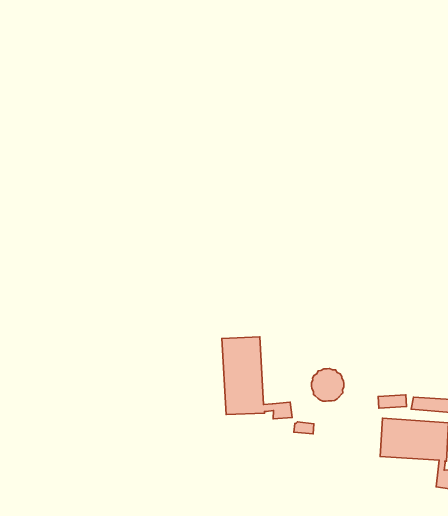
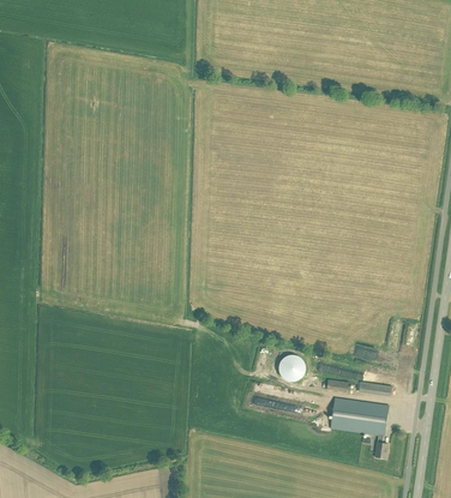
building: [222,337,292,419] -> none

